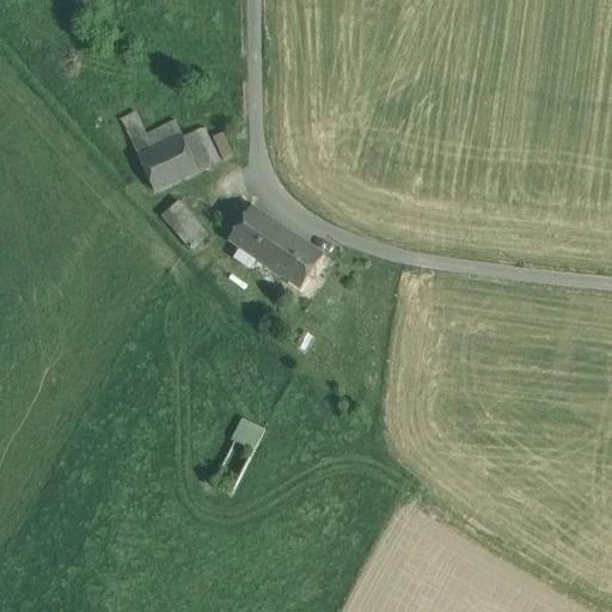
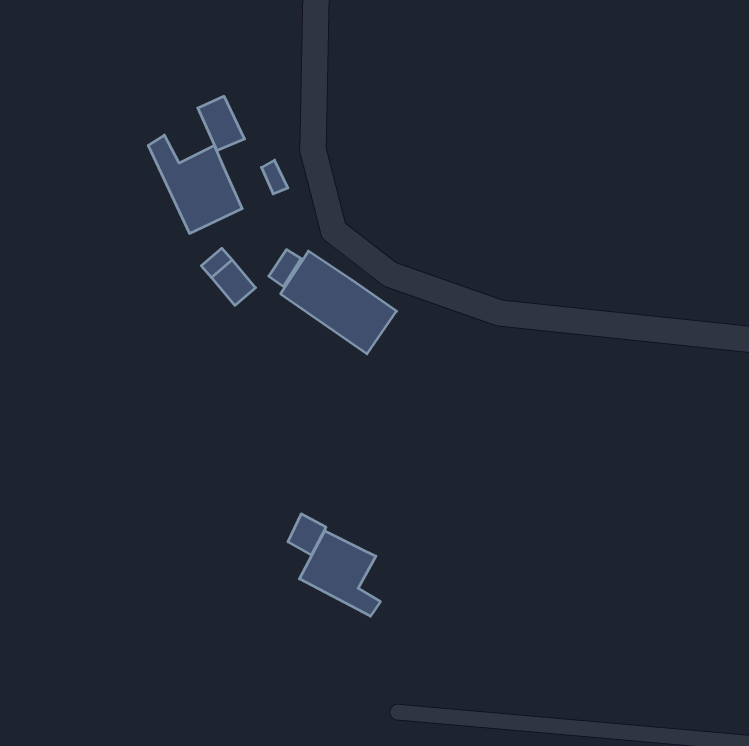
building: [182,126,220,170] -> [198,96,245,151]
building: none -> [299,531,380,616]

